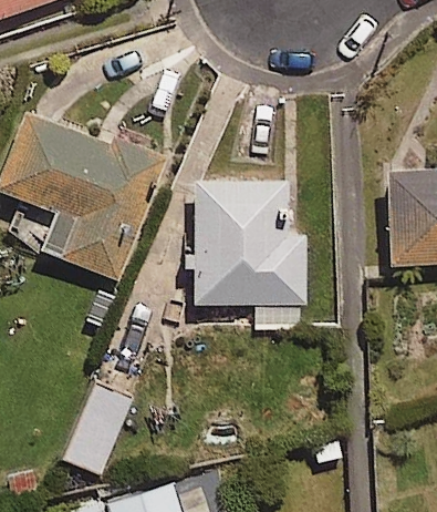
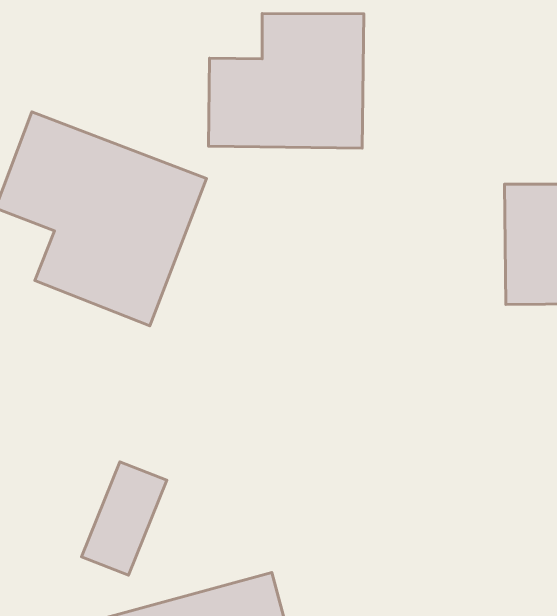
building: none -> [208,13,364,148]
building: [195,181,305,306] -> none

